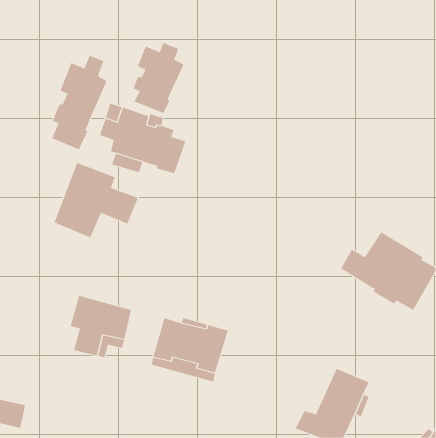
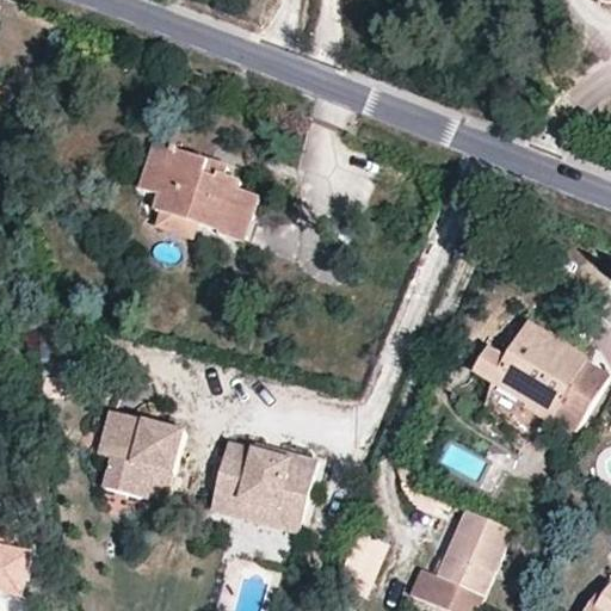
building: [133,42,184,114] -> none
building: [51,55,107,150] -> none
building: [54,162,138,238] -> none

